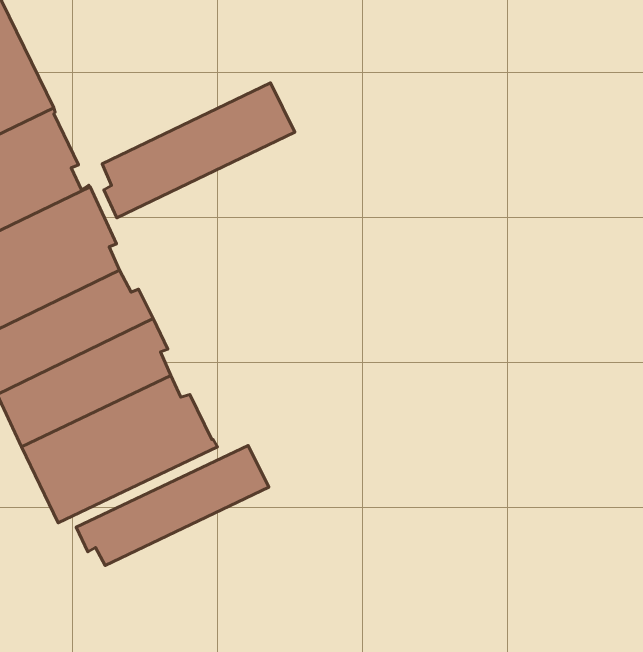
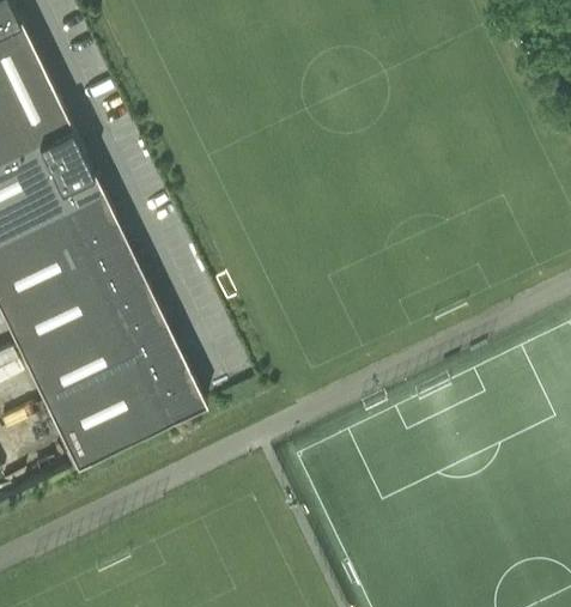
building: [102,83,295,218] -> none
building: [76,445,269,566] -> none

